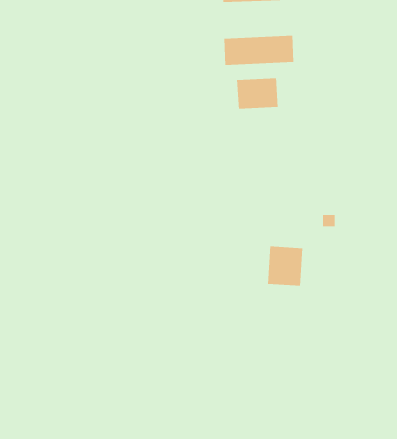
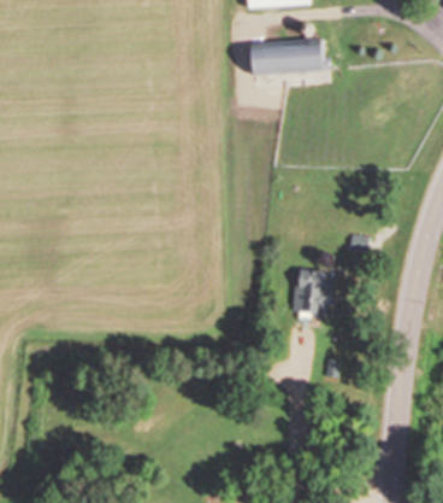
building: [237,78,278,110] -> none

